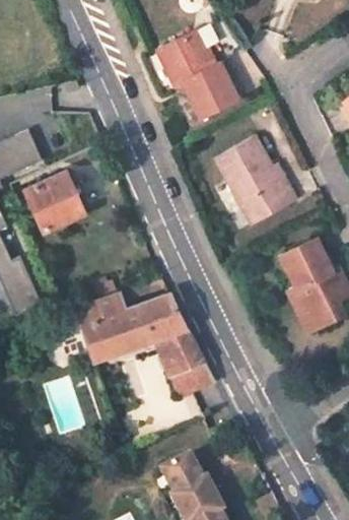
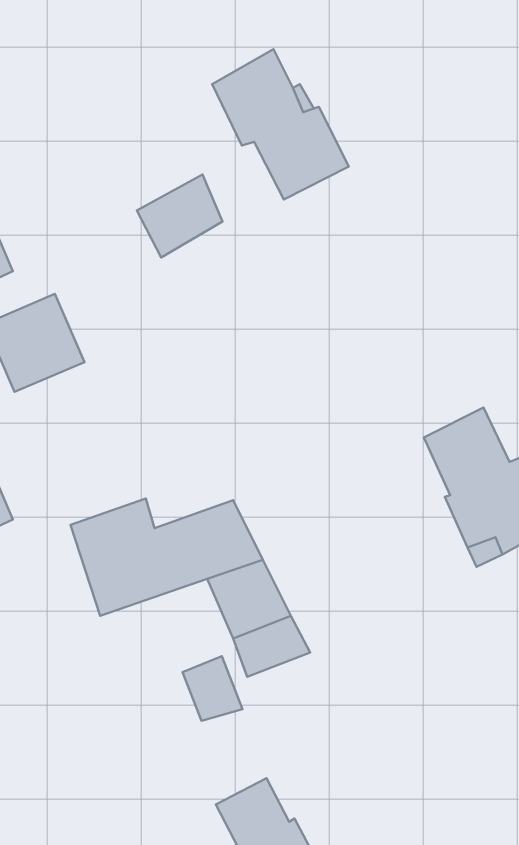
building: none -> [137,175,222,258]
building: [214,136,293,224] -> none
building: none -> [183,656,242,721]

